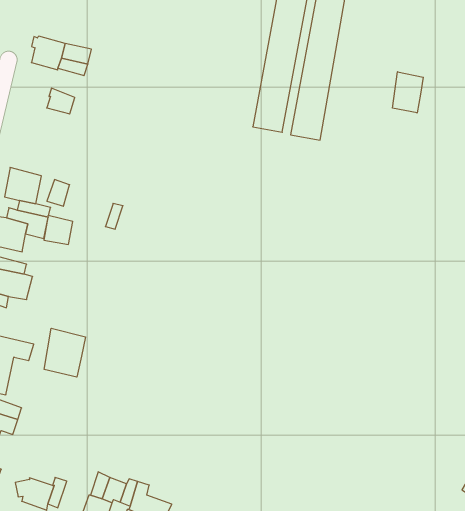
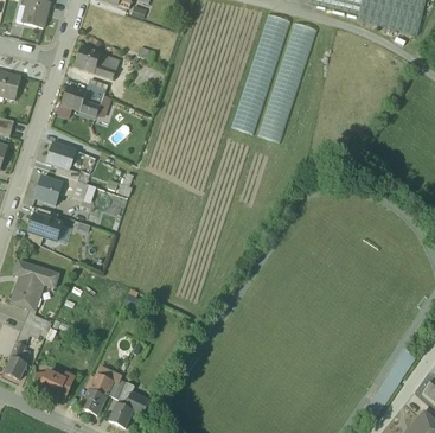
building: [393,72,423,113] -> none
building: none -> [62,85,100,115]
building: [44,328,85,377] -> none

